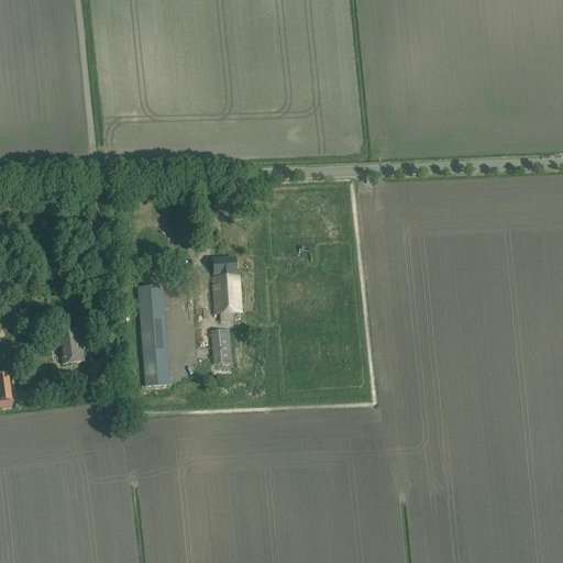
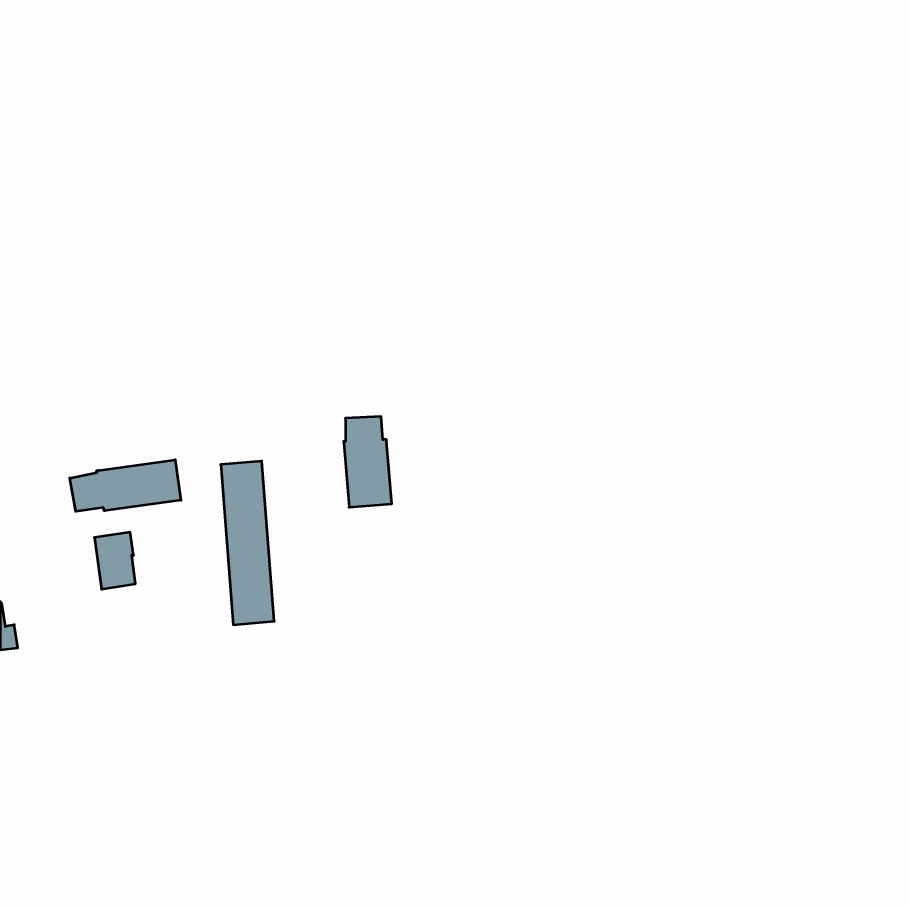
building: none -> [70,460,181,511]
building: [210,329,231,364] -> none

